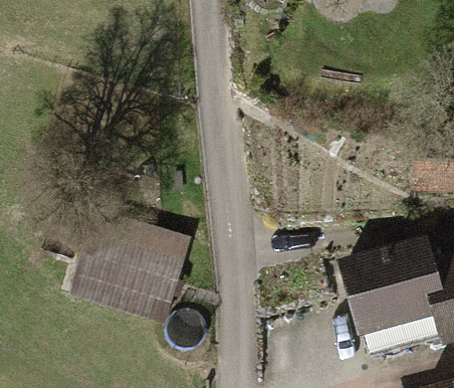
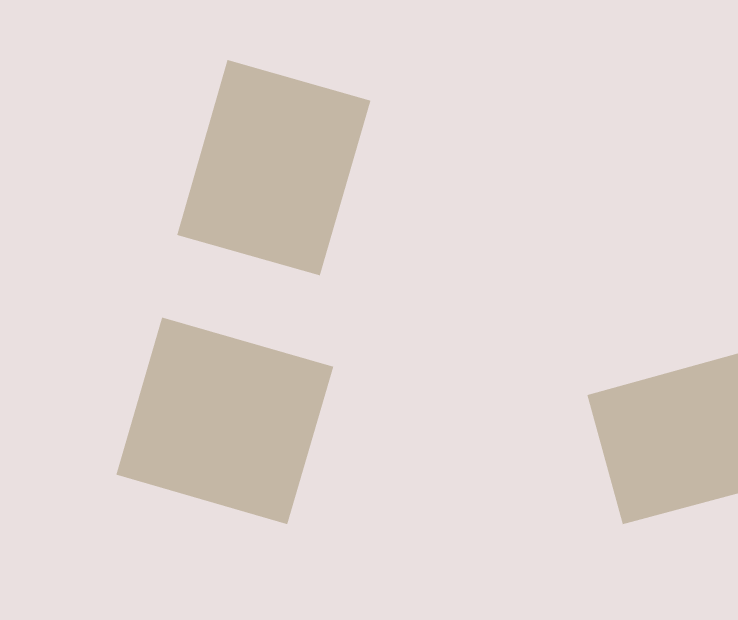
building: none -> [176,59,371,276]

